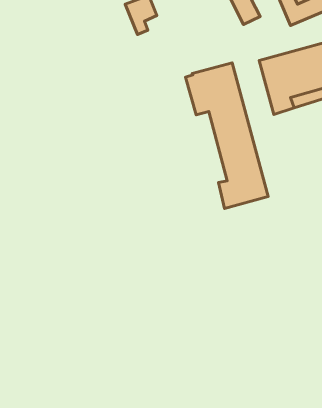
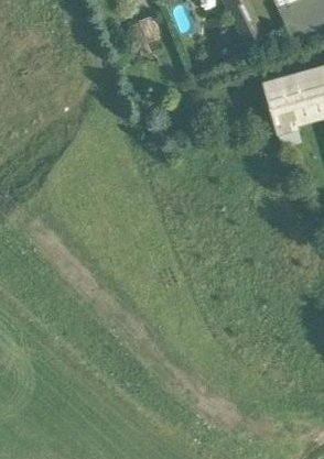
building: [186,63,268,208] -> none

